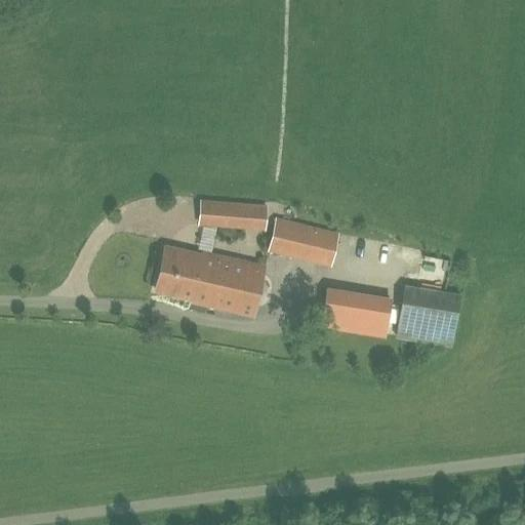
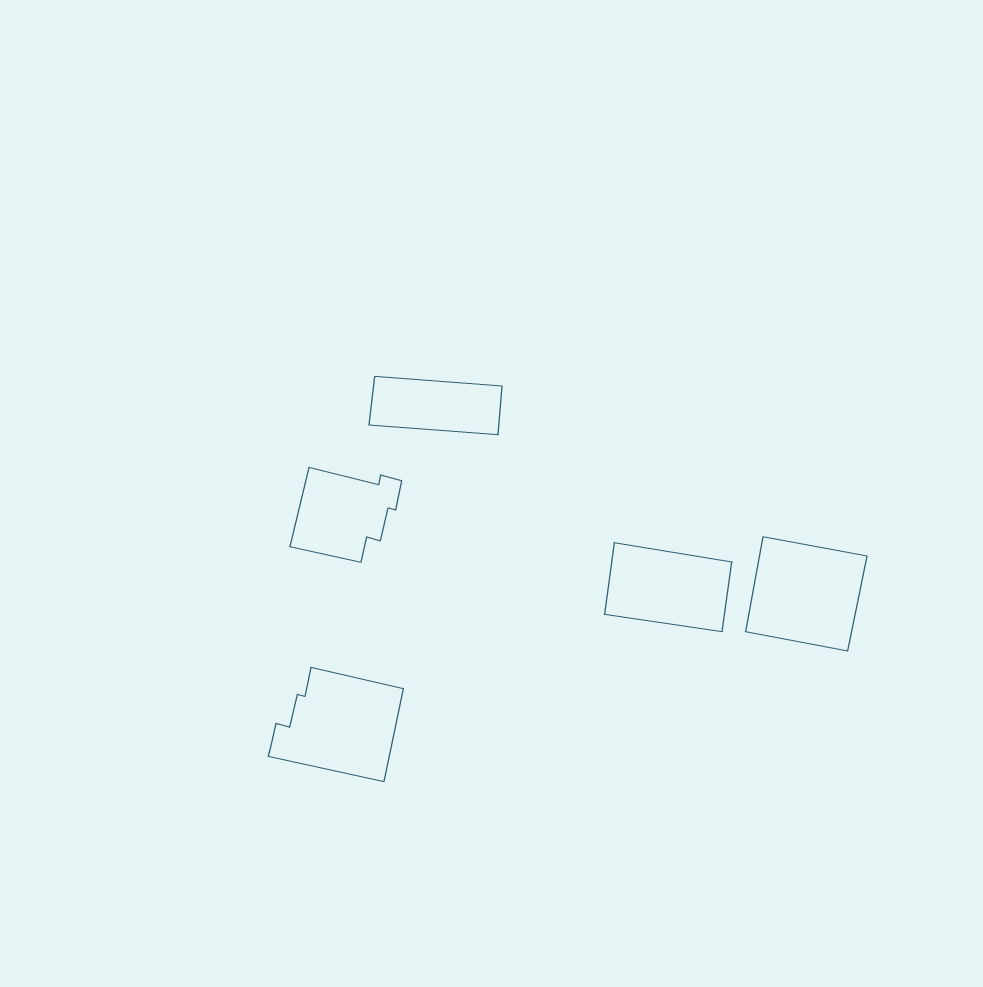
building: [269,218,339,267] -> none
building: [193,255,265,316] -> [268,667,403,781]

